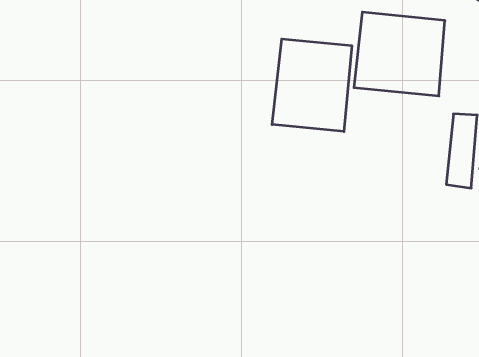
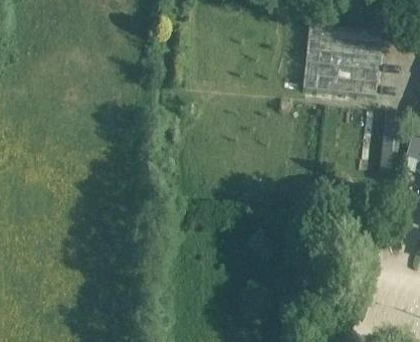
building: [272,39,352,132] -> none

